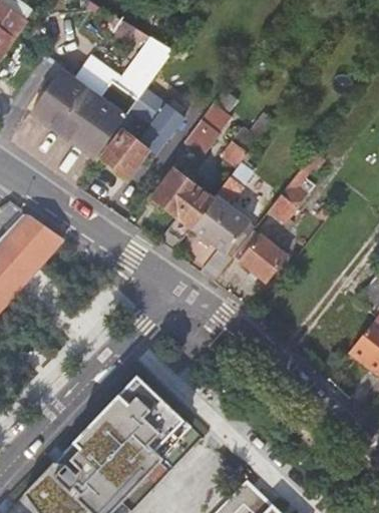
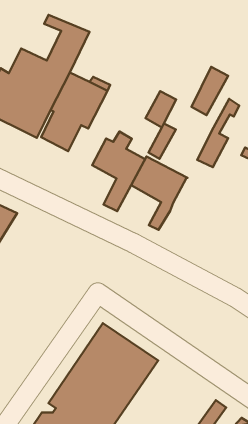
building: [182,106,229,158] -> [191,67,228,115]
building: [236,229,288,281] -> none

